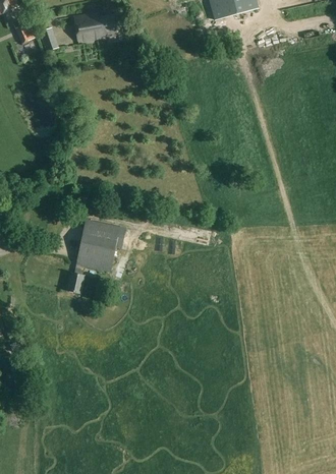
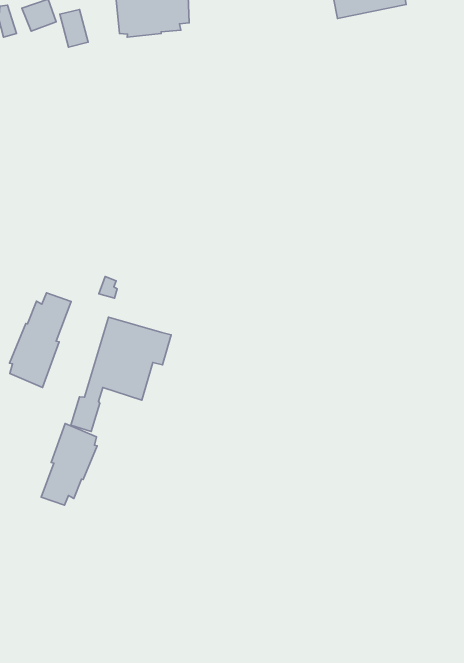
building: none -> [9,293,71,388]
building: none -> [41,423,97,505]

